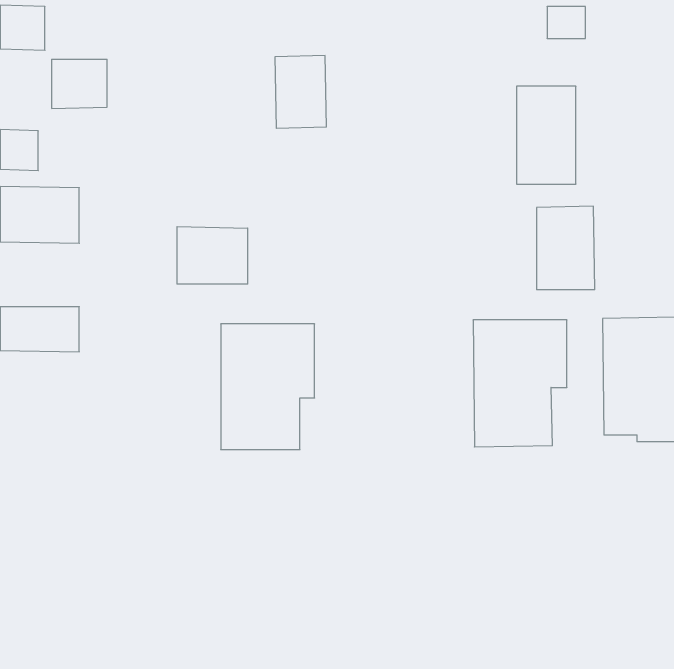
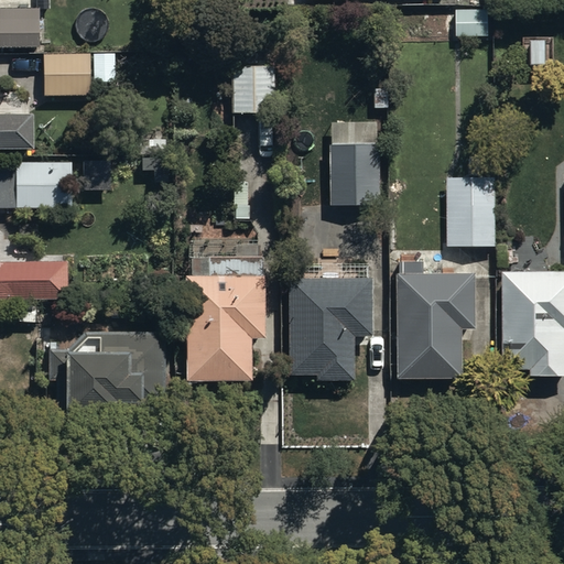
building: [517,86,576,184] -> [329,123,379,205]
building: [177,227,248,284] -> none
building: none -> [289,276,371,381]
building: none -> [48,332,153,402]

